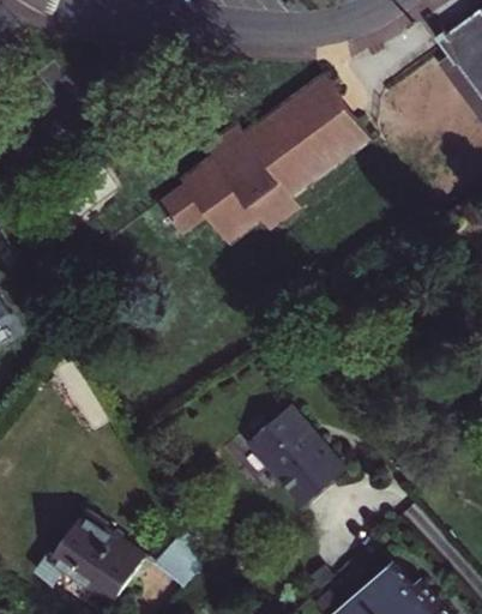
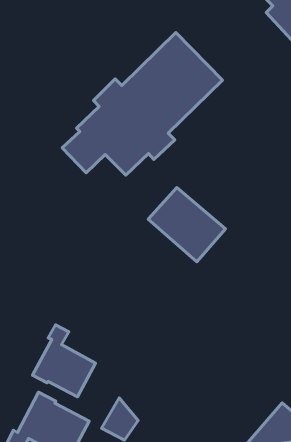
building: [247,407,344,505] -> [148,187,225,262]
building: none -> [33,325,95,397]

